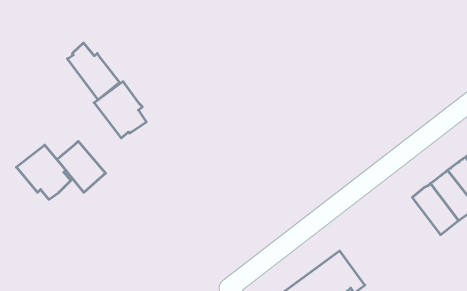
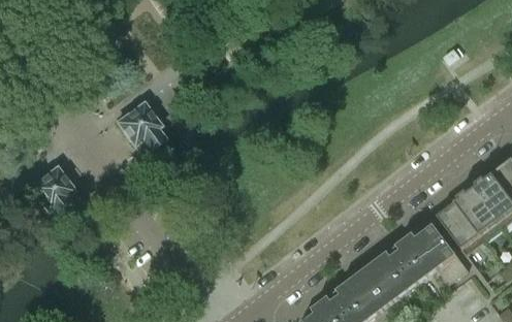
building: [67,43,119,100] -> none
building: [57,141,106,192] -> none
building: none -> [362,225,467,307]

